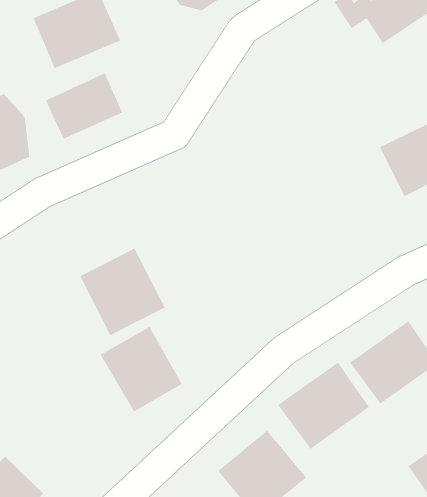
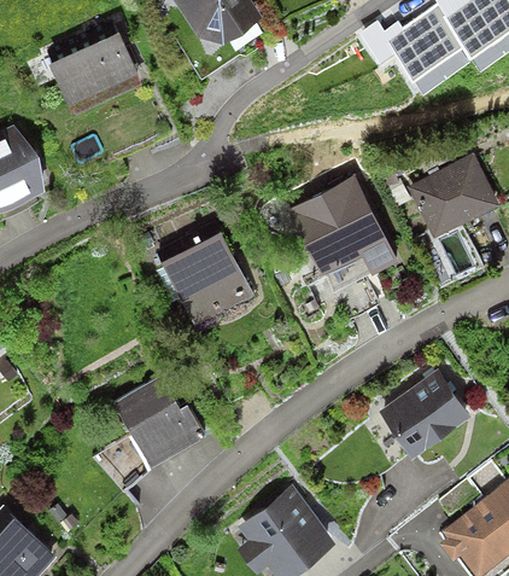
building: [45,72,123,140] -> none
building: none -> [287,176,391,280]
building: [79,247,166,336] -> [163,234,255,328]
building: [277,361,370,450] -> none

